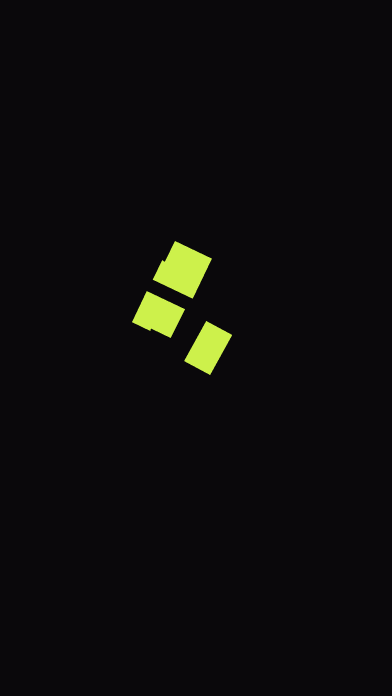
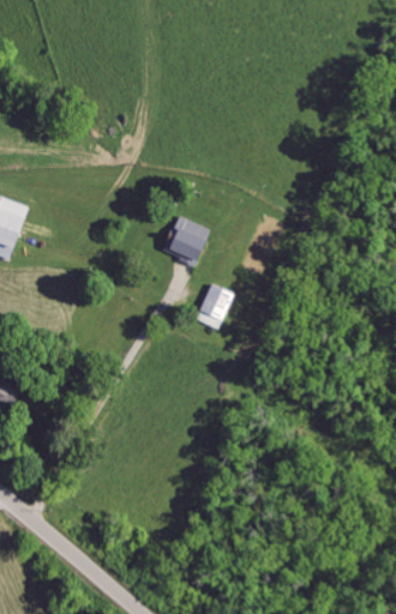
building: [131,290,186,339] -> none

